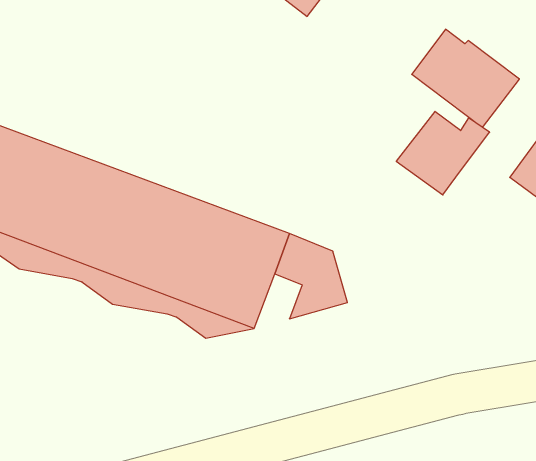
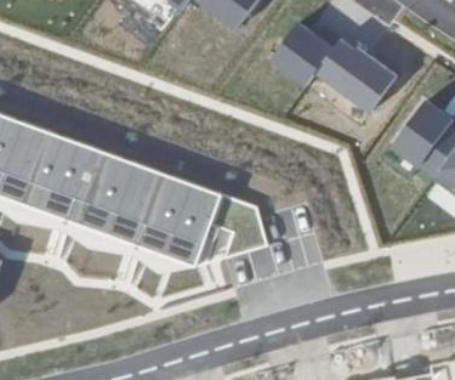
building: [396,111,490,195] -> [269,22,340,85]

